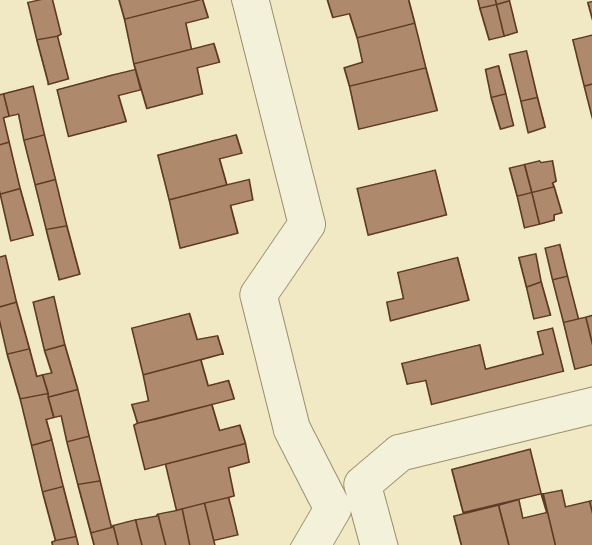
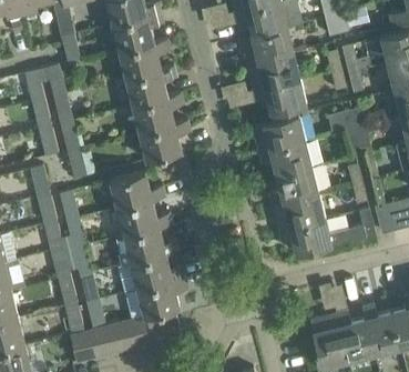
building: [57,69,141,136] -> [126,66,176,105]
building: none -> [253,79,306,114]
building: none -> [258,141,311,175]
building: none -> [110,172,165,209]
building: [452,449,541,512] -> [272,192,325,230]

